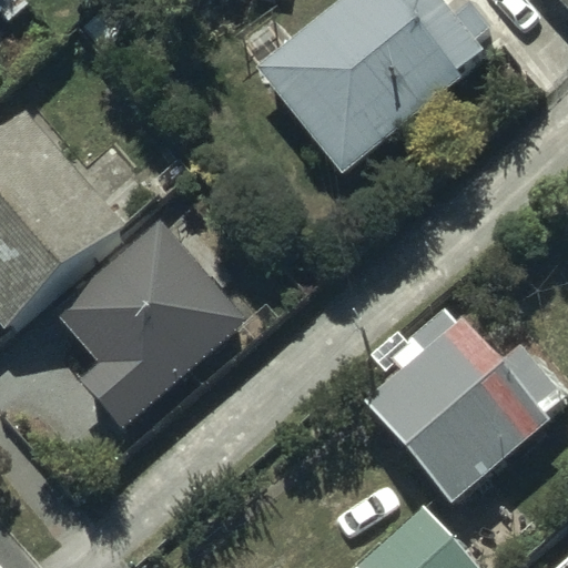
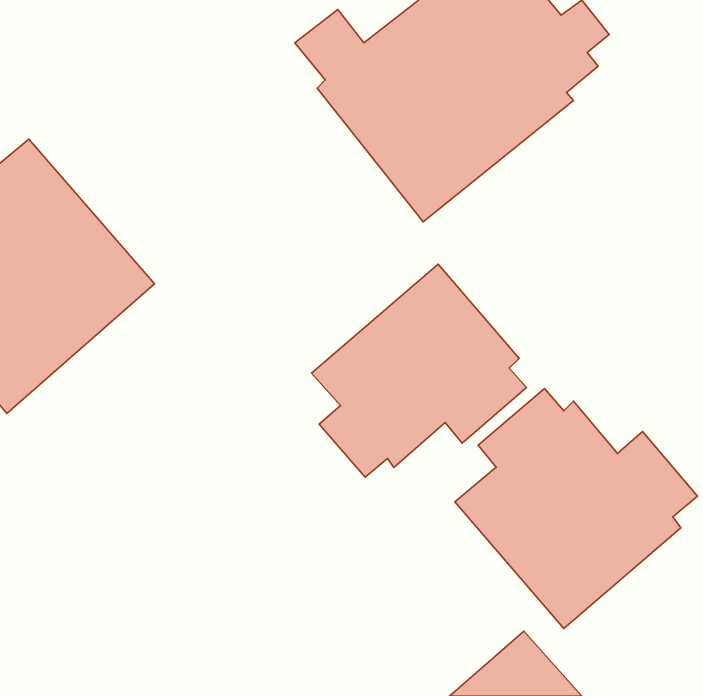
building: none -> [312,264,527,477]
building: [54,213,247,424] -> none

